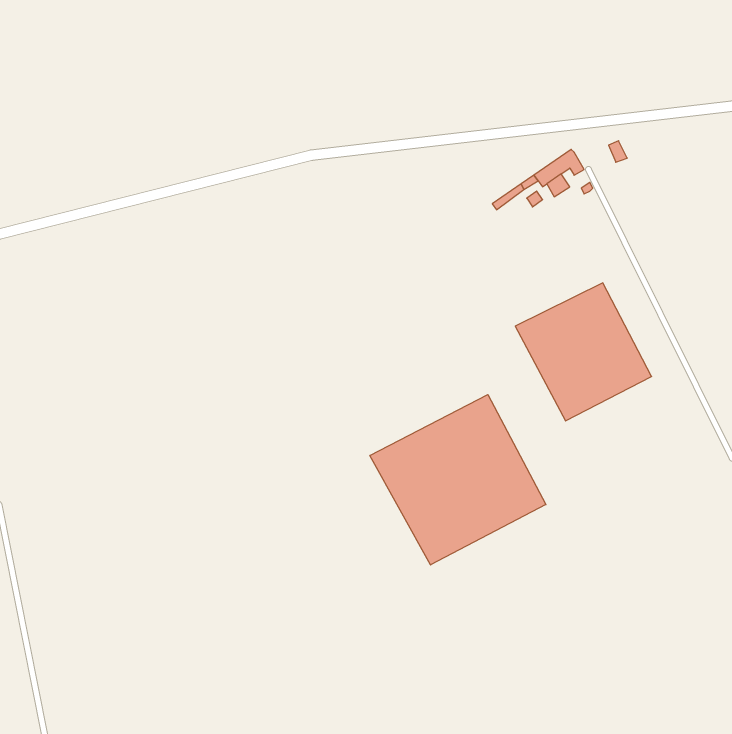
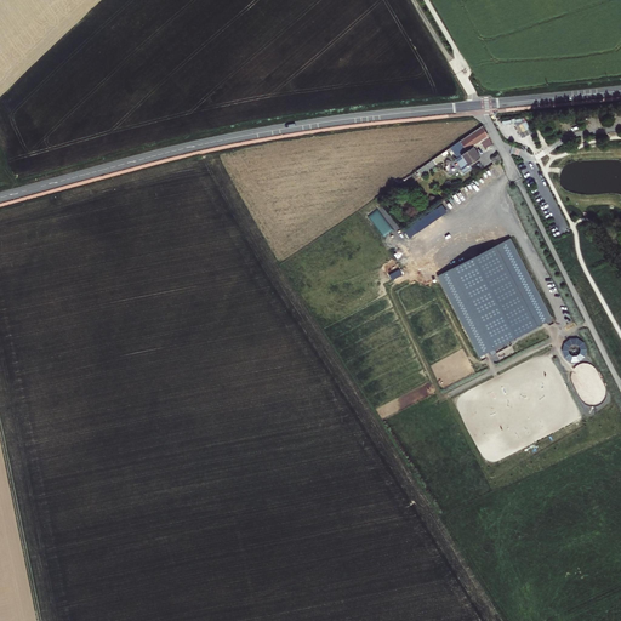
building: [370,395,546,565] -> none

